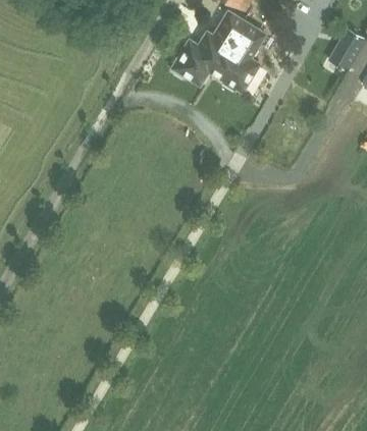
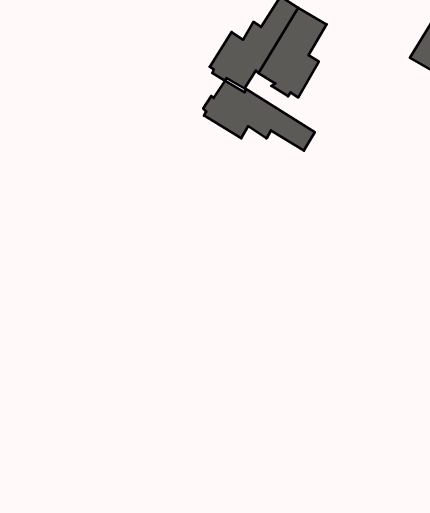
building: none -> [203,81,315,151]

